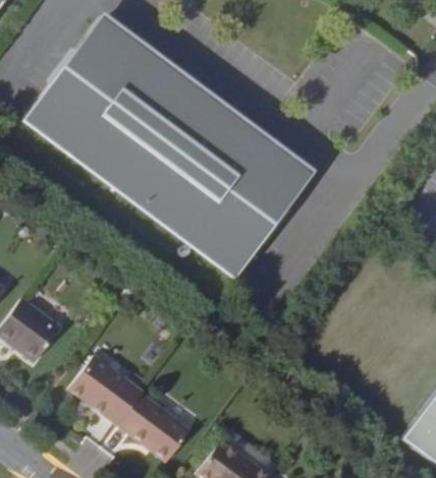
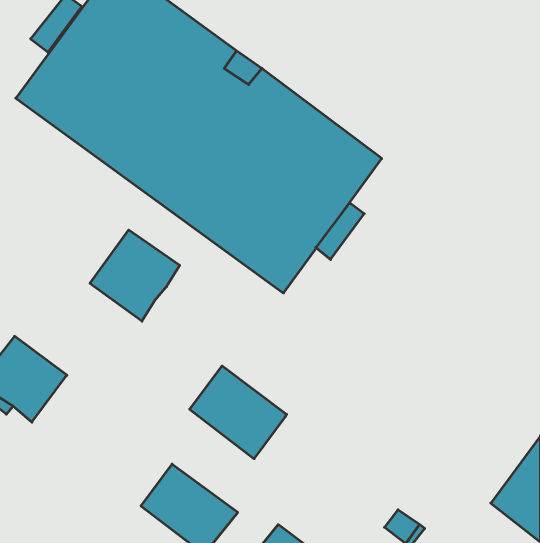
building: none -> [90,230,180,321]
building: [73,358,147,428] -> [190,366,287,459]

